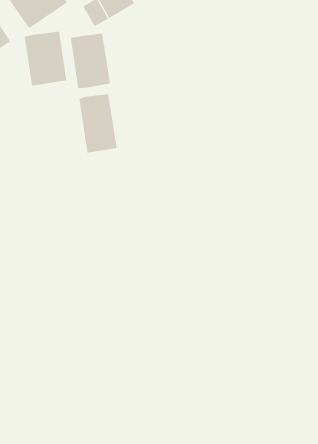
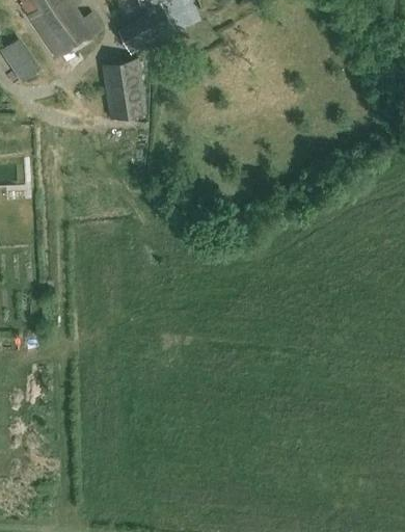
building: [24,31,67,86] -> none
building: [79,94,117,153] -> none

